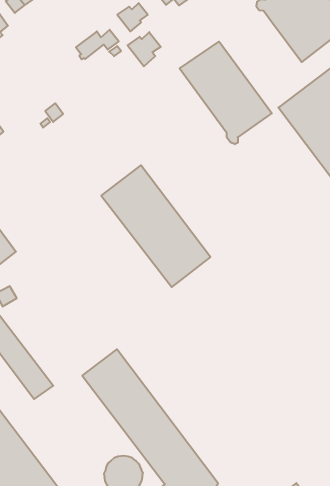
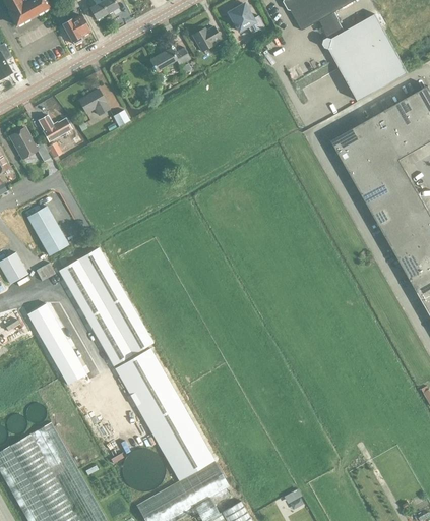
building: [128,32,161,66] -> none
building: [180,42,272,144] -> none
building: none -> [78,89,110,116]
building: [101,165,210,287] -> [58,247,152,365]

